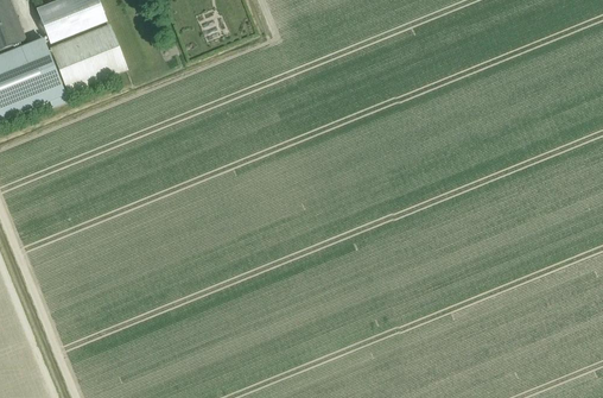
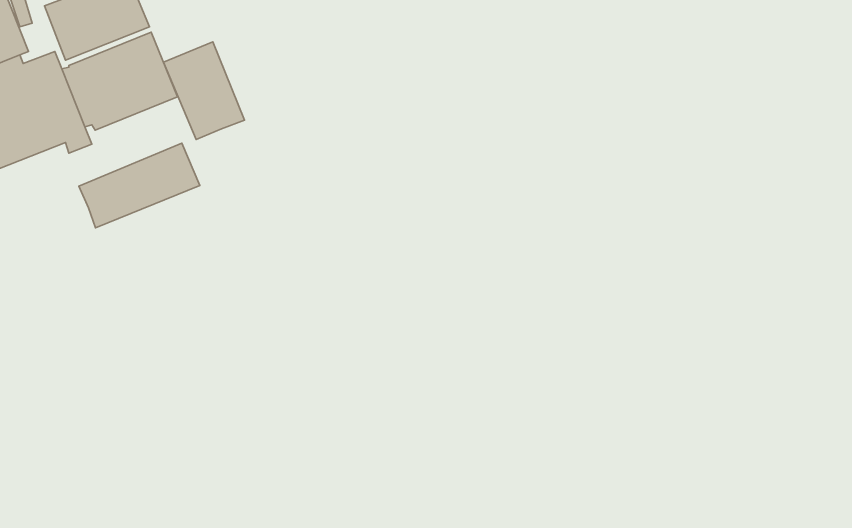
building: none -> [163,42,244,139]
building: none -> [79,143,200,228]

